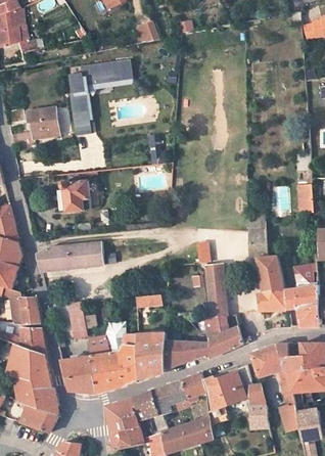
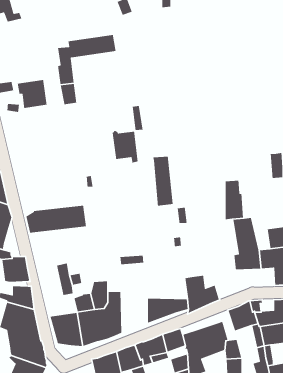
building: [60,180,89,216] -> [112,130,139,164]
building: [205,264,228,318] -> [152,156,173,207]
building: [138,332,167,378] -> none

